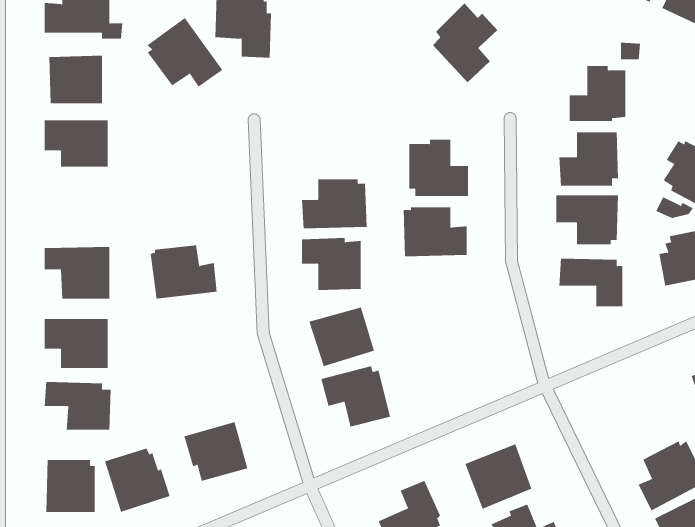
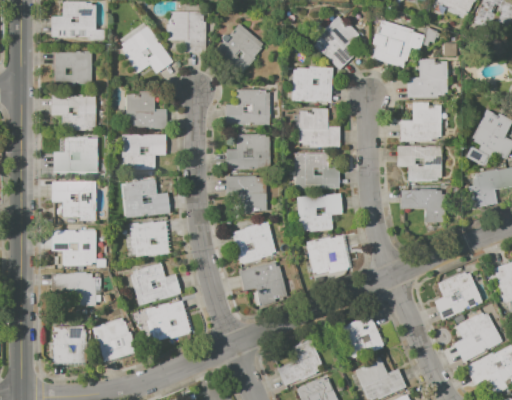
building: none -> [374,20,426,65]
building: none -> [220,24,266,69]
building: none -> [293,66,334,100]
building: none -> [227,90,271,125]
building: none -> [127,91,168,129]
building: none -> [123,134,167,169]
building: none -> [55,138,99,173]
building: none -> [298,193,343,232]
building: none -> [131,220,169,257]
building: none -> [307,235,350,274]
building: none -> [131,264,182,306]
building: none -> [435,273,483,320]

